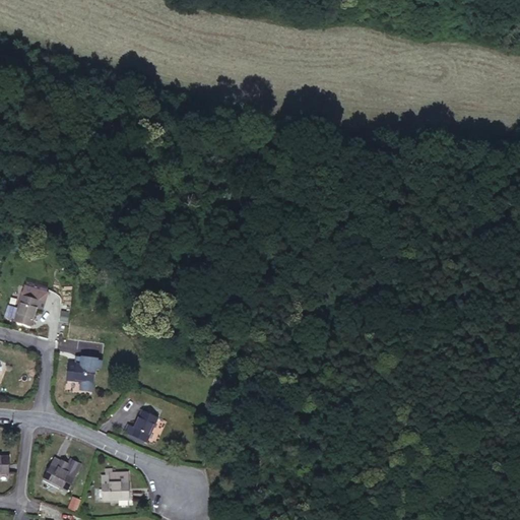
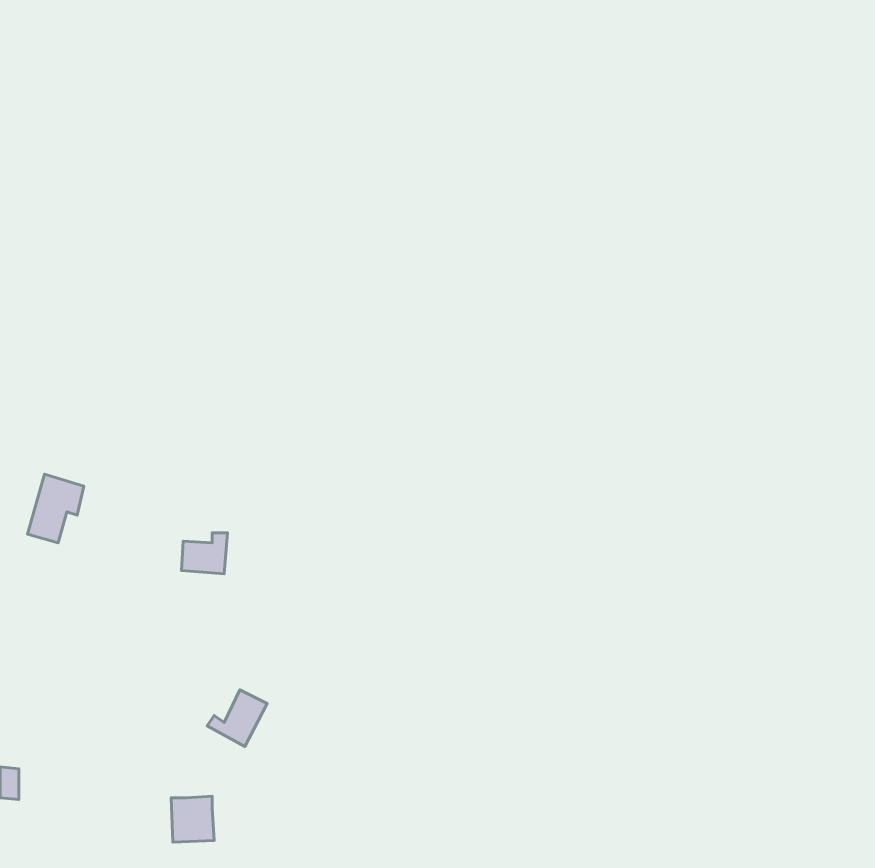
building: [67,361,94,385] -> [181,533,228,574]
building: [42,455,74,492] -> none

